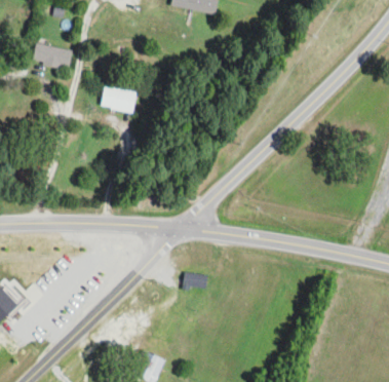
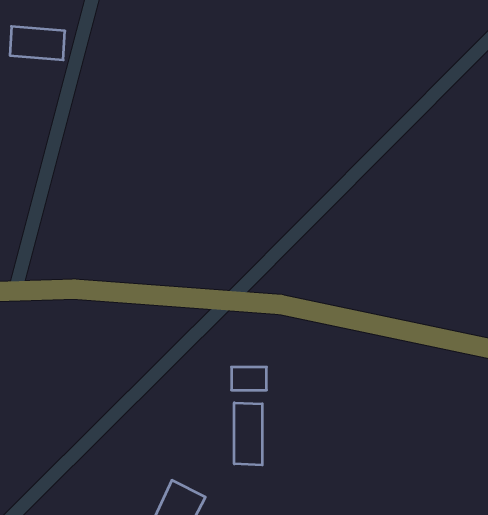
building: [101,85,138,113] -> none
building: none -> [234,403,262,465]

